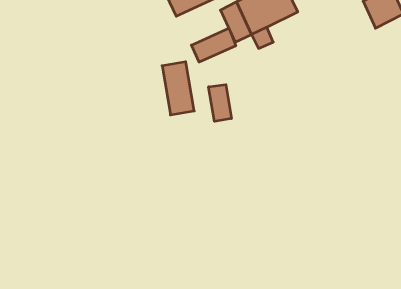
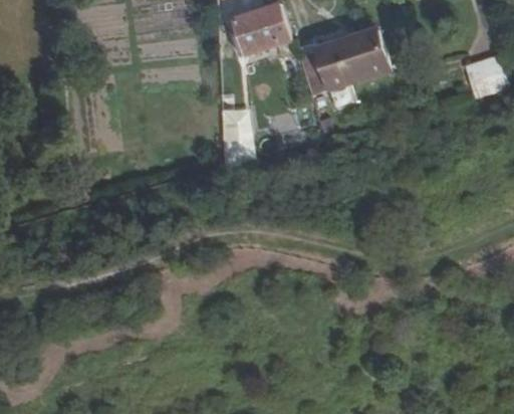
building: [191,28,236,62] -> none
building: [209,85,231,121] -> none

